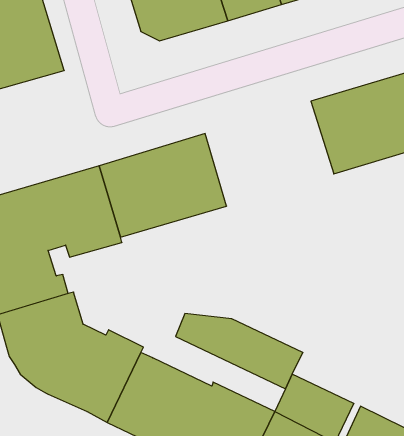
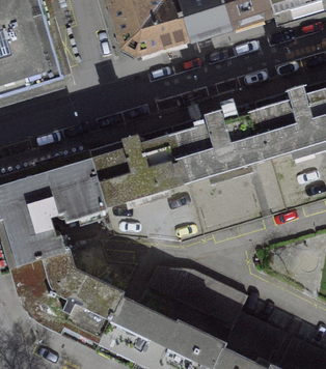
building: none -> [171,103,271,183]

